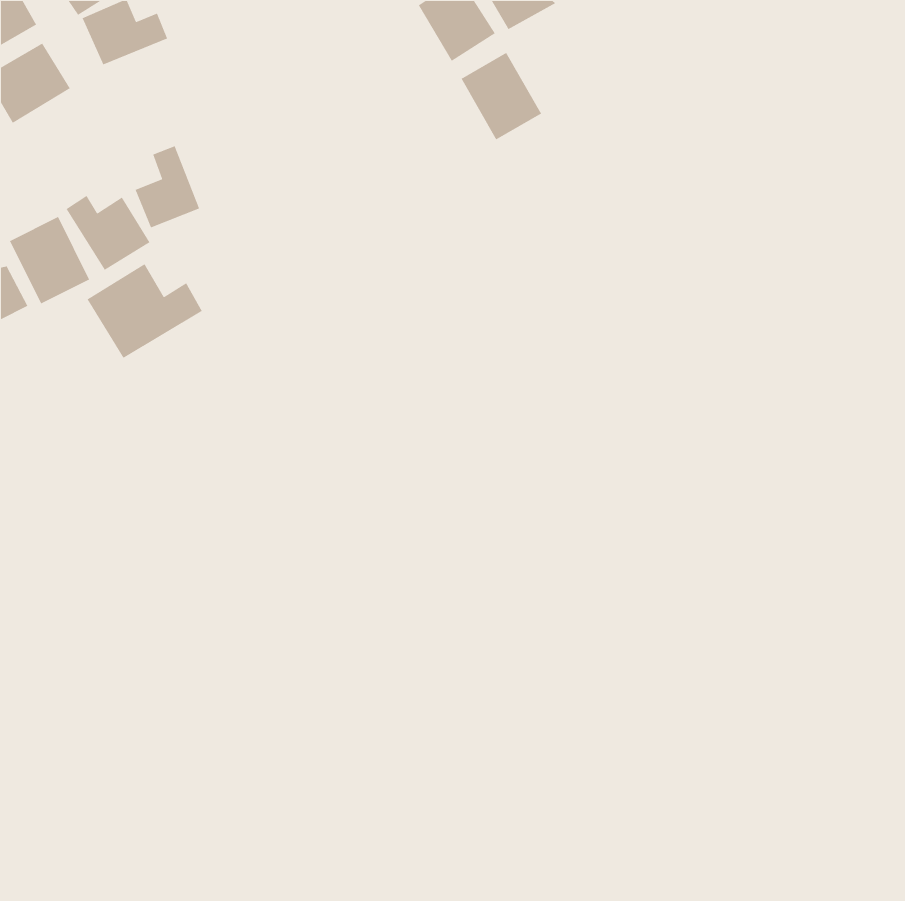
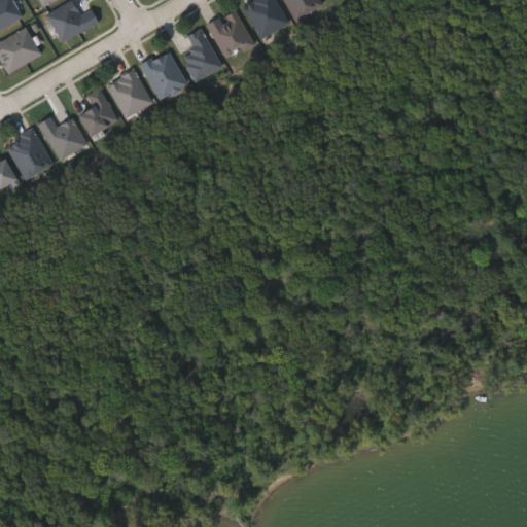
building: none -> [181,28,222,82]
building: [461,52,542,140] -> [207,8,254,60]
building: none -> [141,49,186,99]
building: none -> [107,69,152,117]
building: [86,263,203,359] -> none

